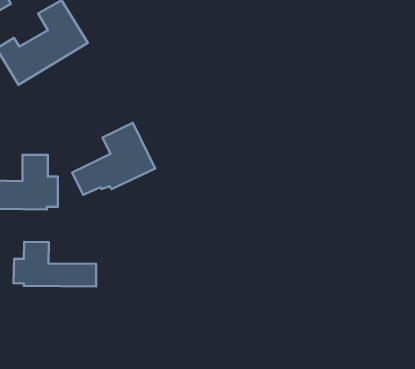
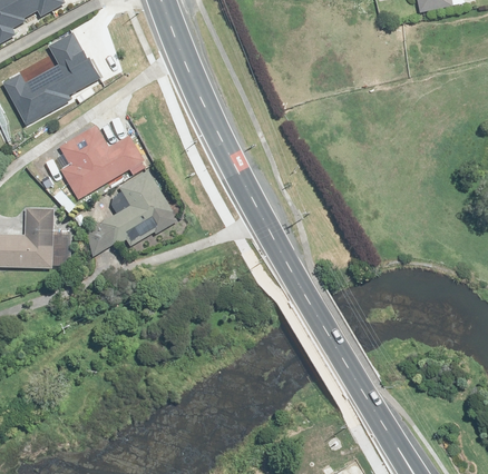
building: none -> [60,127,140,196]
building: [13,242,96,287] -> none

